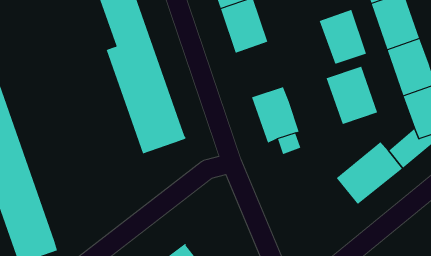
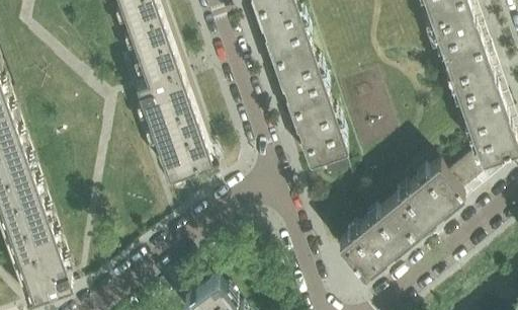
building: [319,9,367,64] -> [272,49,327,111]
building: [326,66,378,125] -> none
building: none -> [337,204,411,275]

